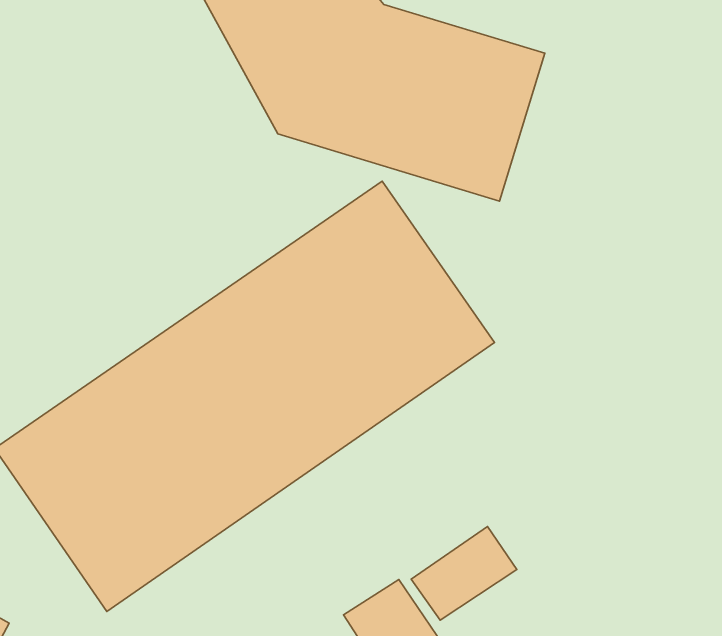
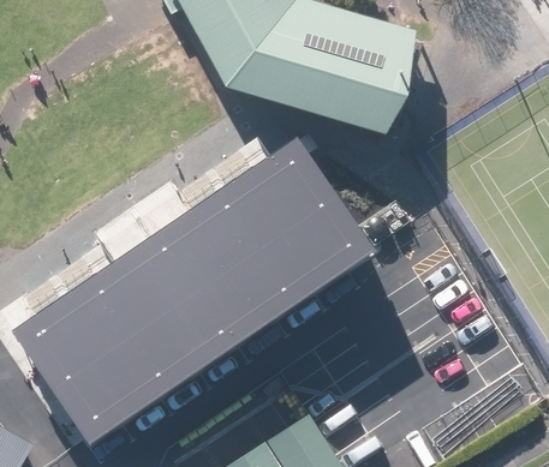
building: [411,526,517,620] -> none

